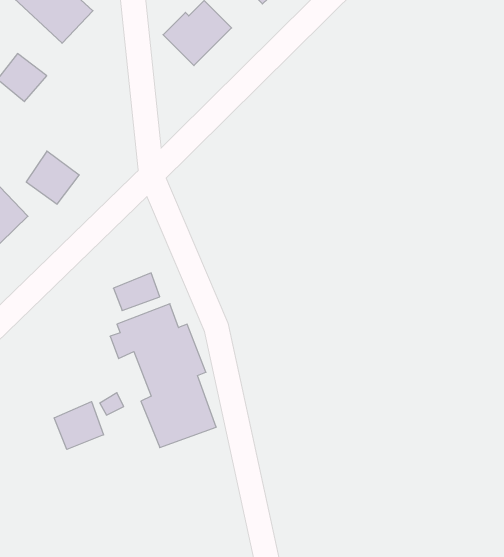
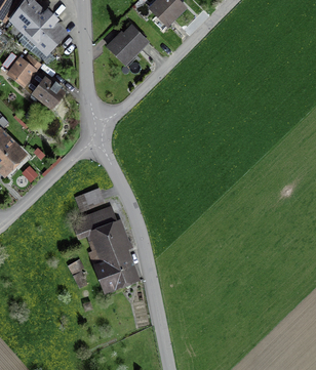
building: [26,151,79,204] -> [31,76,63,108]
building: [54,402,104,449] -> none

